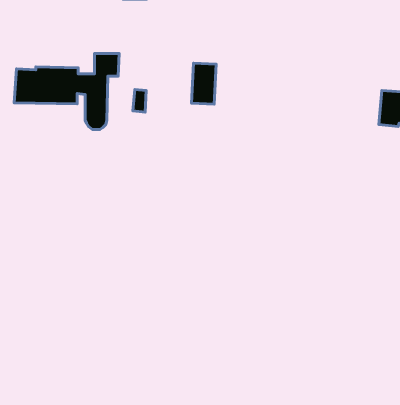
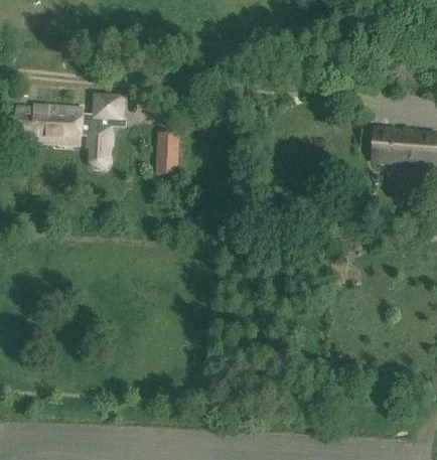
building: [191,63,216,104] -> [152,129,176,169]

